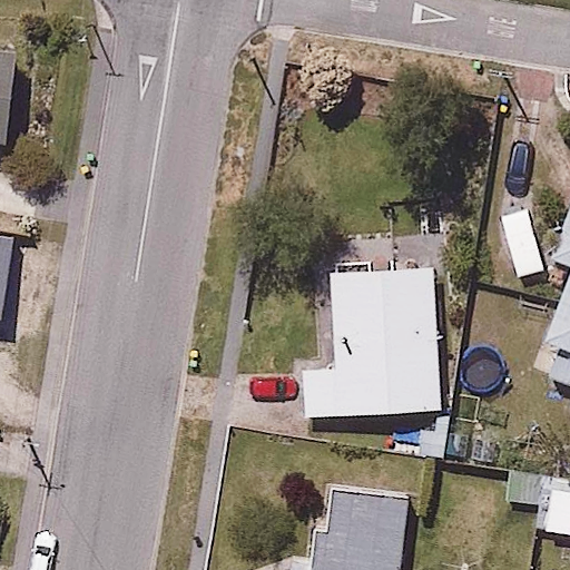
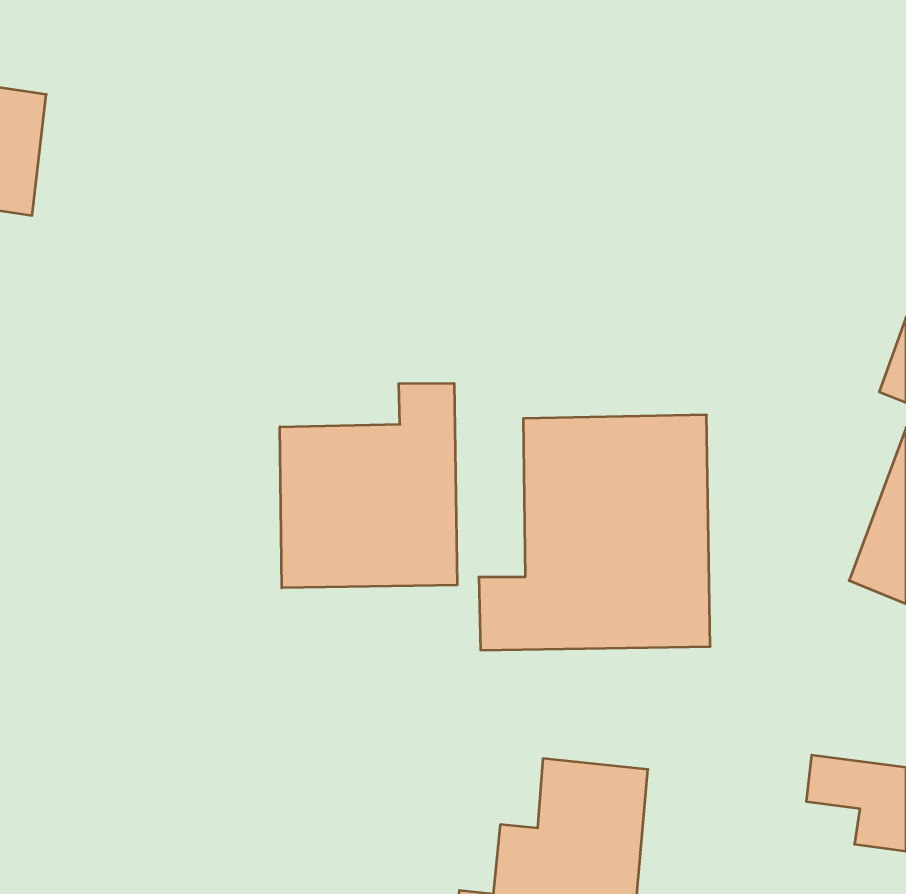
building: none -> [280,383,457,588]

